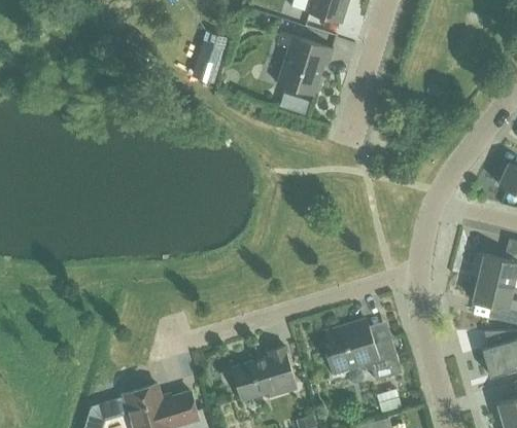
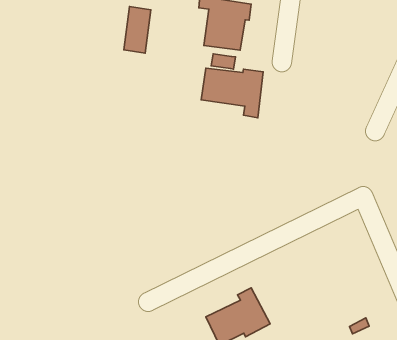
building: none -> [201,68,263,118]
building: [325,321,403,381] -> none

